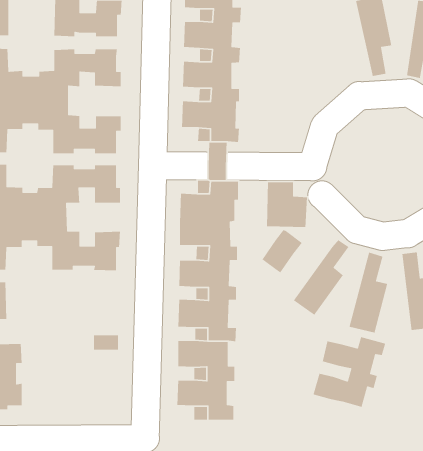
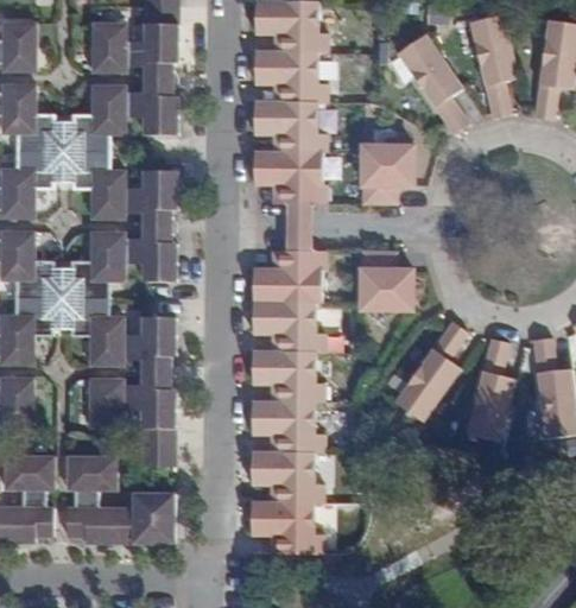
building: none -> [400,36,470,138]
building: none -> [362,147,413,205]
building: [261,229,303,274] -> none
building: none -> [89,378,176,429]
building: [313,336,386,408] -> none
building: none -> [65,456,175,543]

